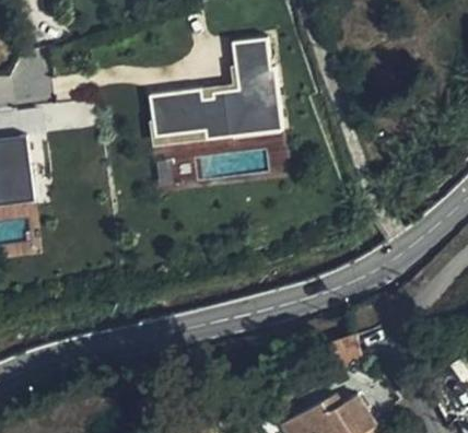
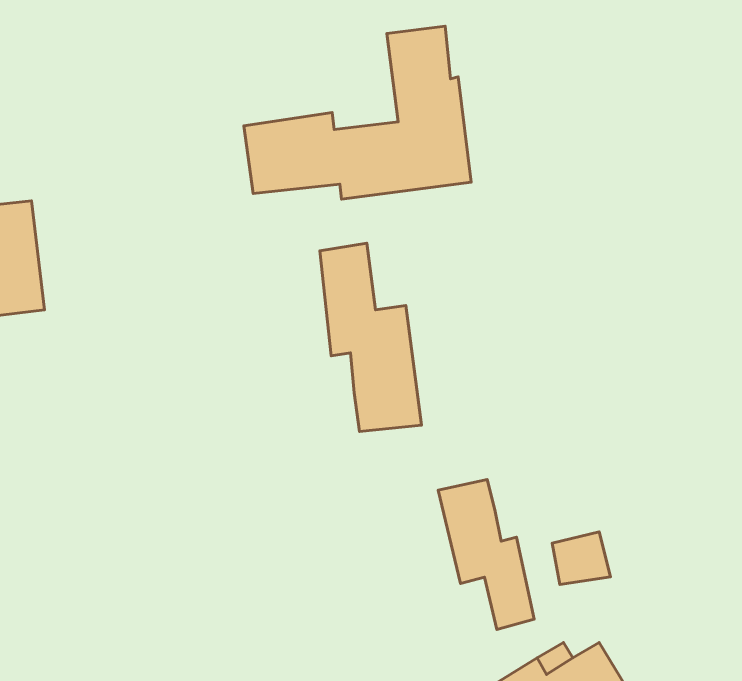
building: none -> [320,243,422,432]
building: none -> [438,480,534,629]

